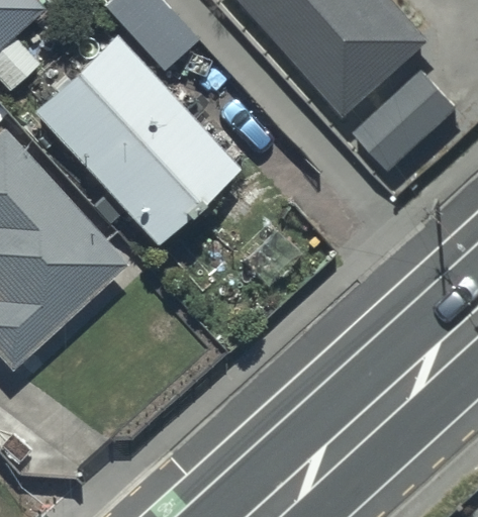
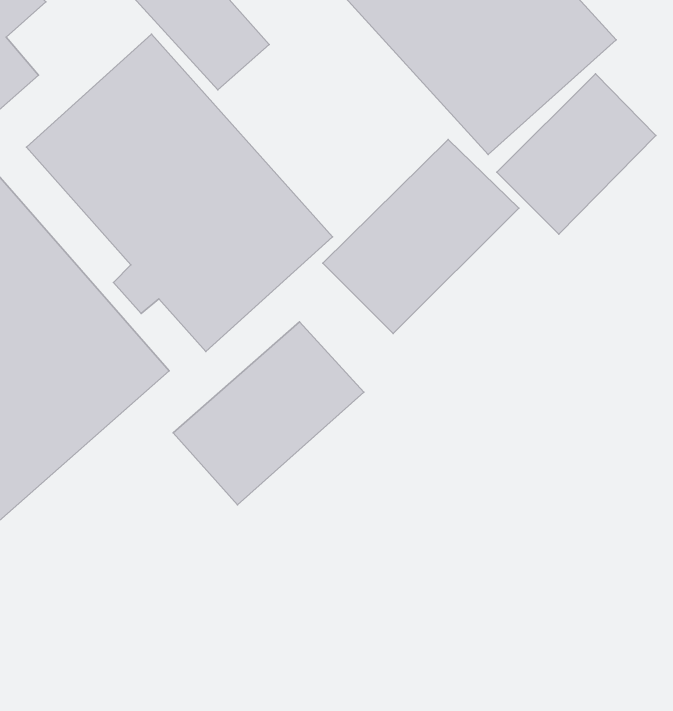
building: none -> [323,139,519,334]
building: none -> [173,322,364,505]

